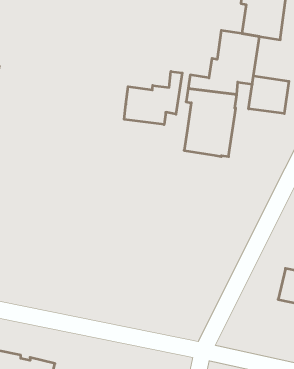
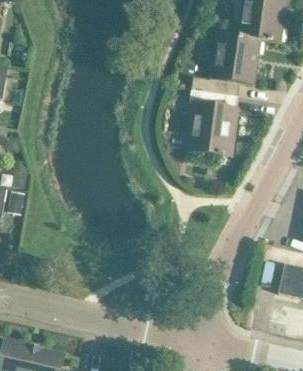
building: [124,71,182,125] -> none
building: [249,76,289,114] -> none

